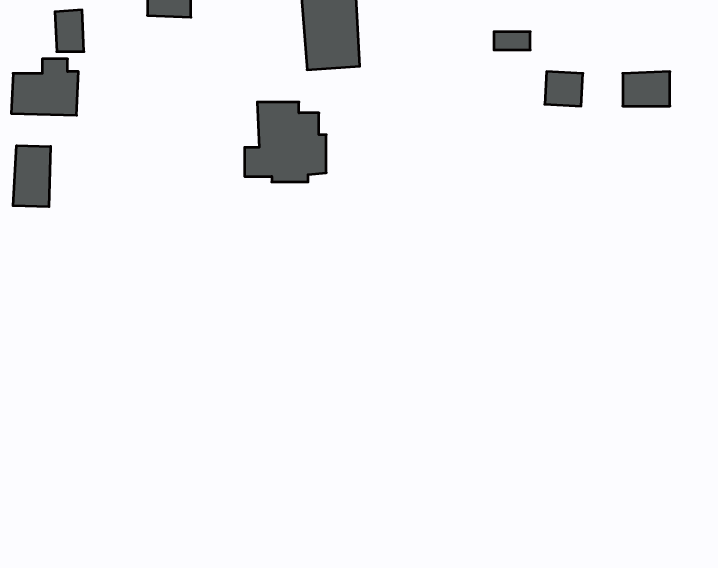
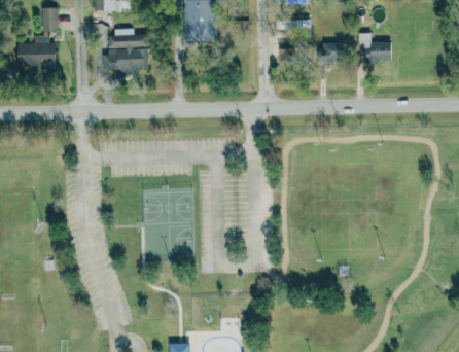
building: [245,102,326,182] -> [103,29,149,74]
building: [13,146,51,207] -> none

